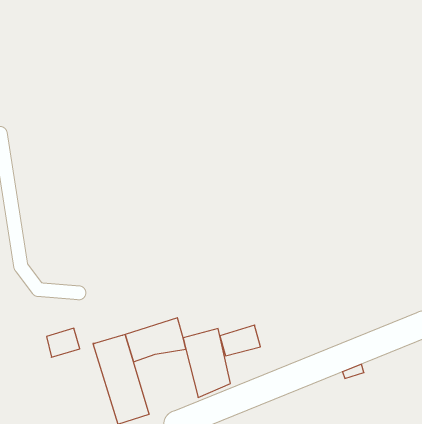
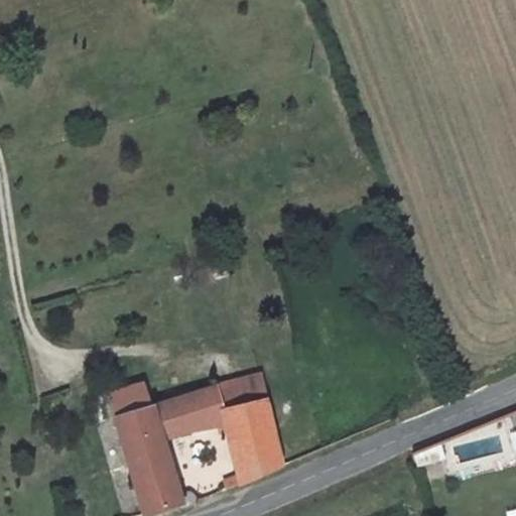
building: [220,325,260,356] -> [218,373,267,410]
building: [47,328,80,357] -> [111,382,151,417]

